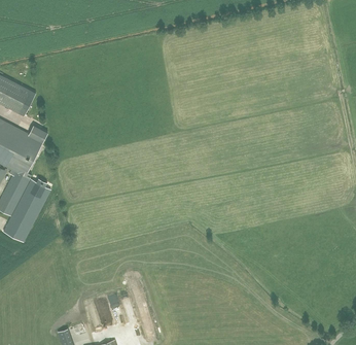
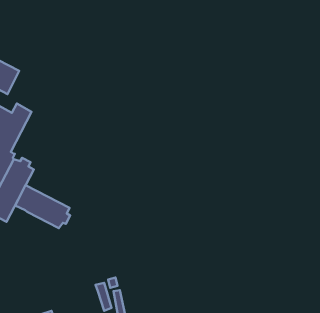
building: none -> [15,185,70,228]

